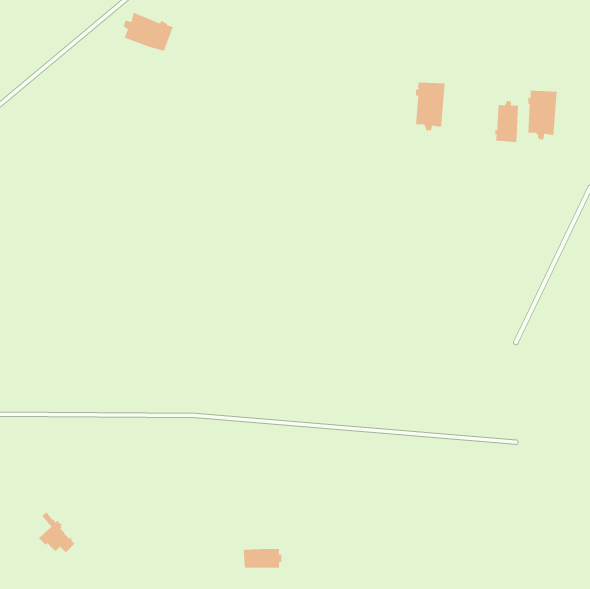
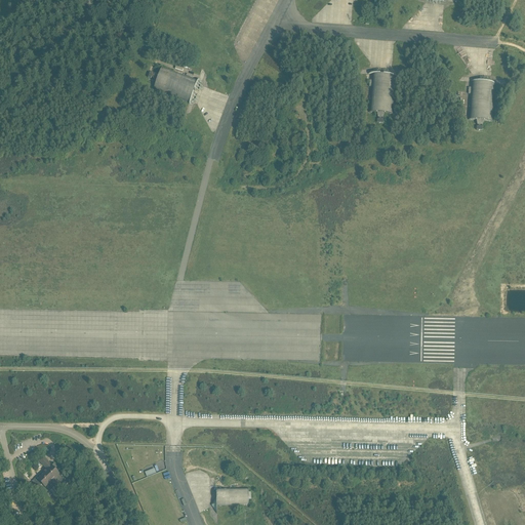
building: [123,12,174,52] -> [152,65,197,99]
building: [495,100,519,143] -> none

